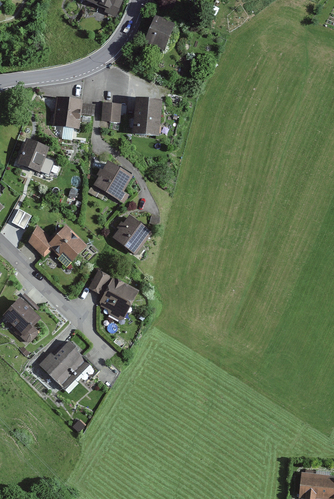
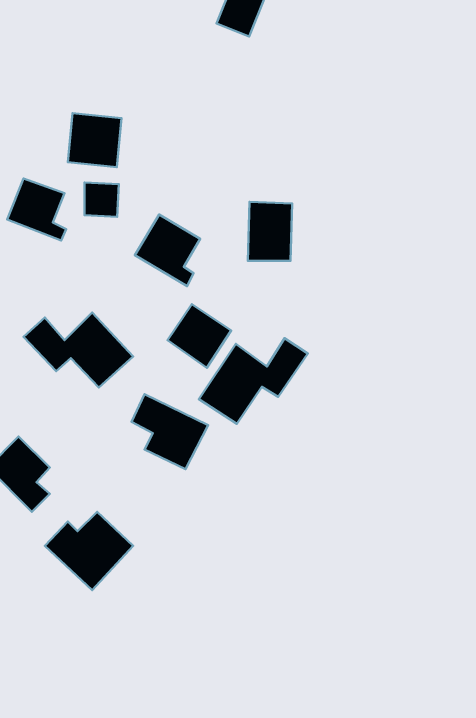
building: [133,98,160,134] -> [248,202,292,261]
building: [102,102,123,123] -> [85,182,119,217]
building: none -> [199,338,308,424]

